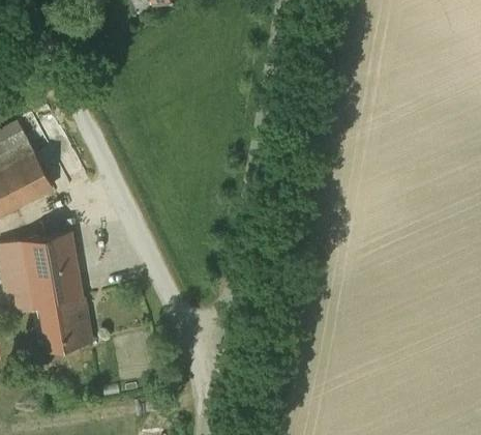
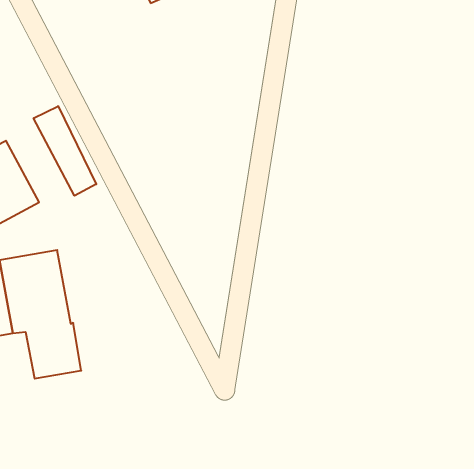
building: none -> [34,106,96,196]

